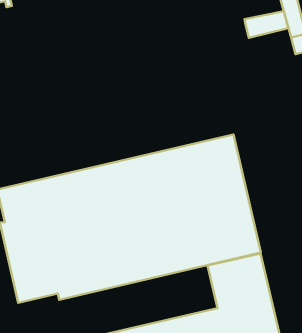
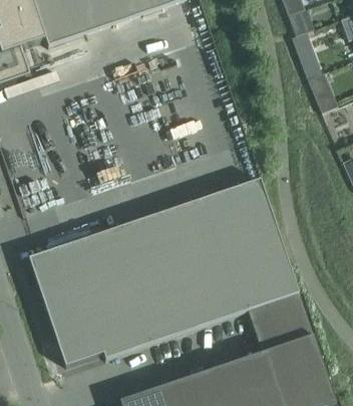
building: [245,11,288,38] -> none

